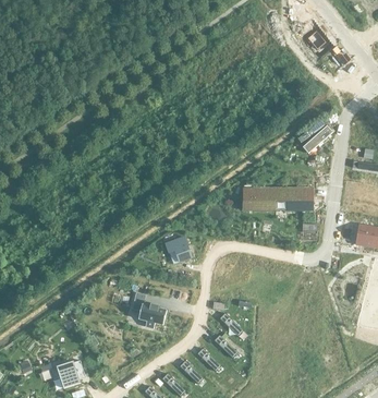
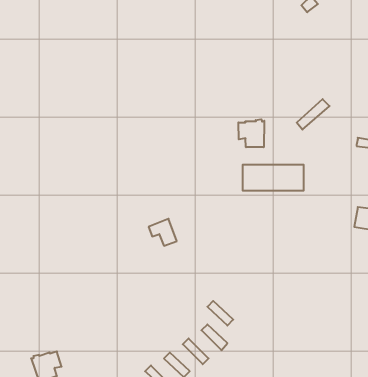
building: none -> [238,119,264,147]
building: [137,303,166,327] -> none

